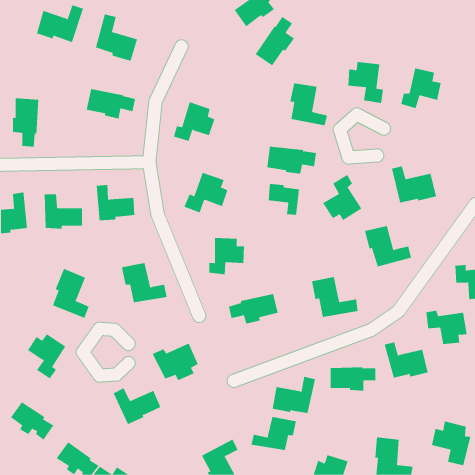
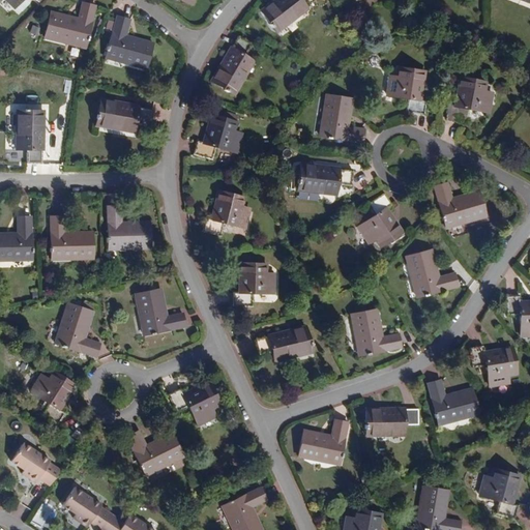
building: [255,16,295,66] -> [209,36,254,92]
building: [268,183,299,215] -> none
building: [251,416,296,451] -> none

